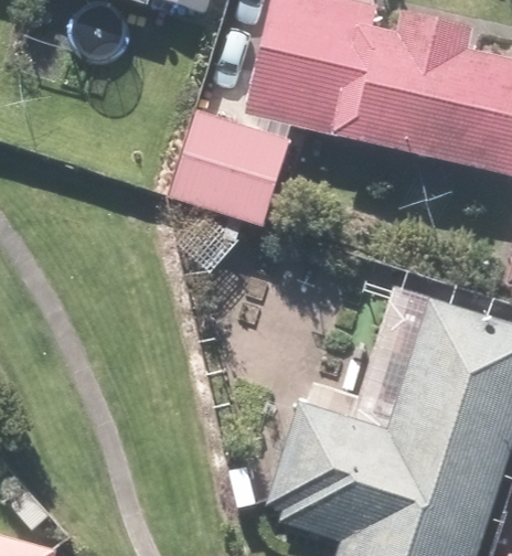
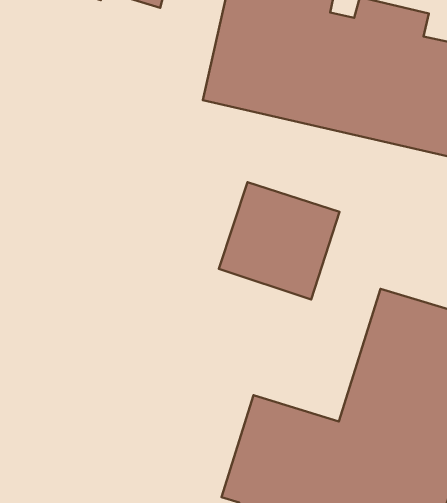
building: [170,108,291,226] -> [219,182,340,300]

